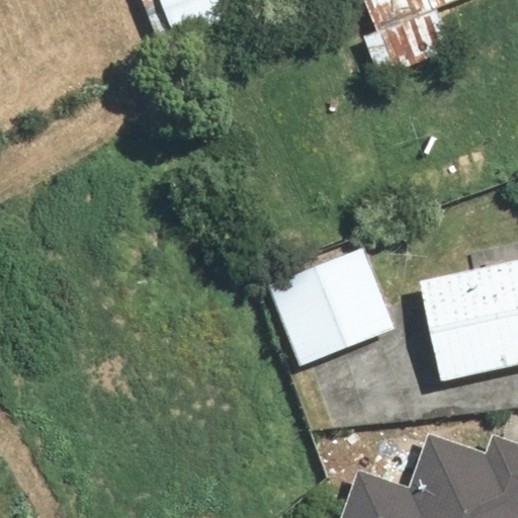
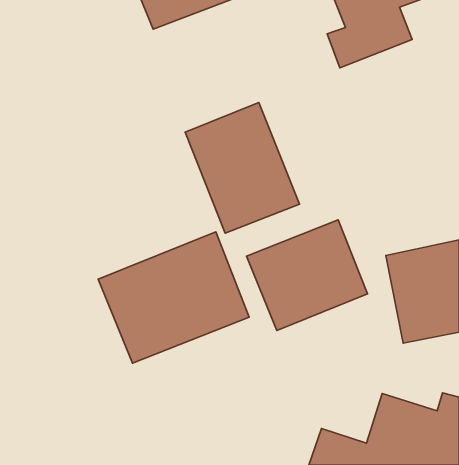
building: none -> [185,102,300,233]
building: none -> [98,232,249,363]

